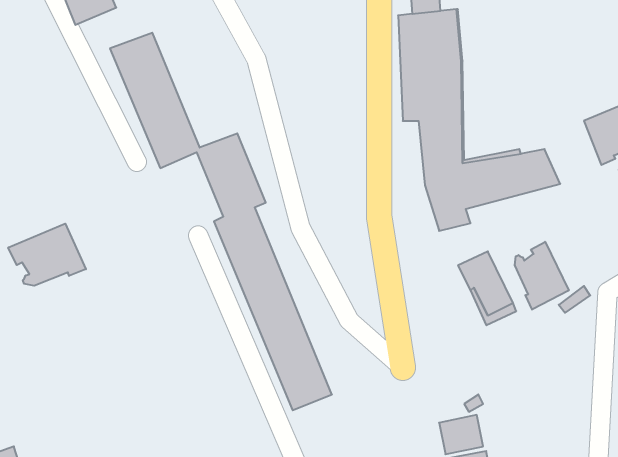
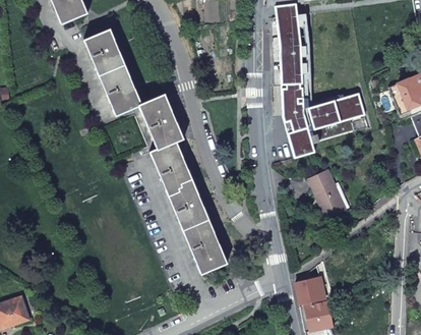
building: [8,224,86,286] -> none
building: [515,242,569,310] -> none

